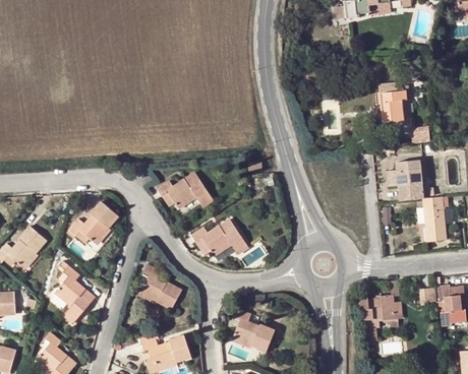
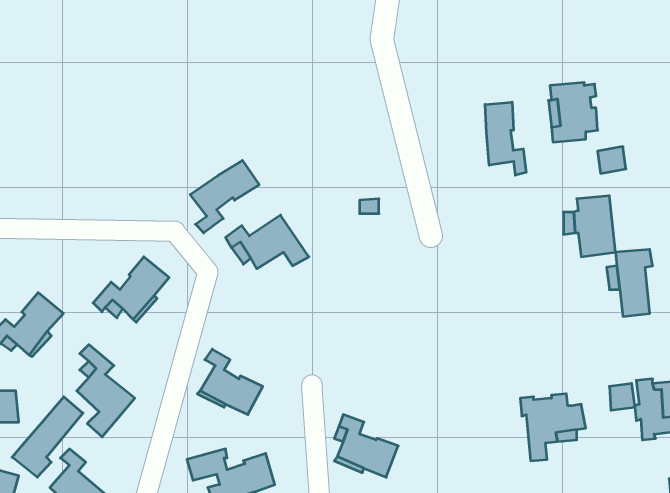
building: none -> [485,102,526,175]
building: none -> [190,160,259,233]
building: [191,219,248,256] -> none
building: none -> [12,397,83,477]

